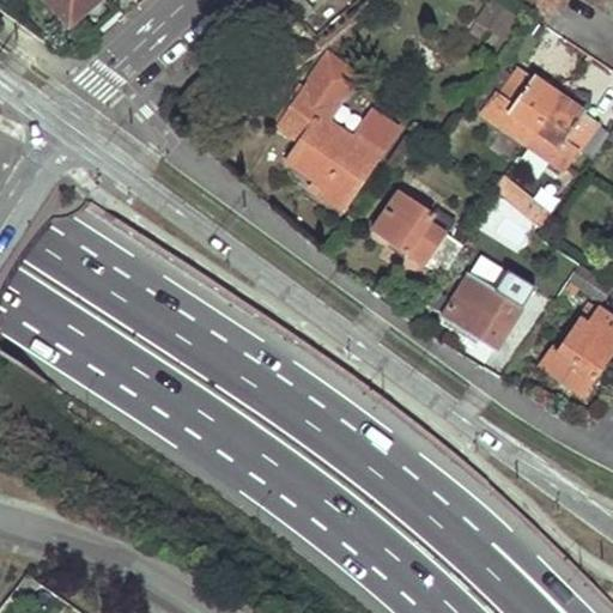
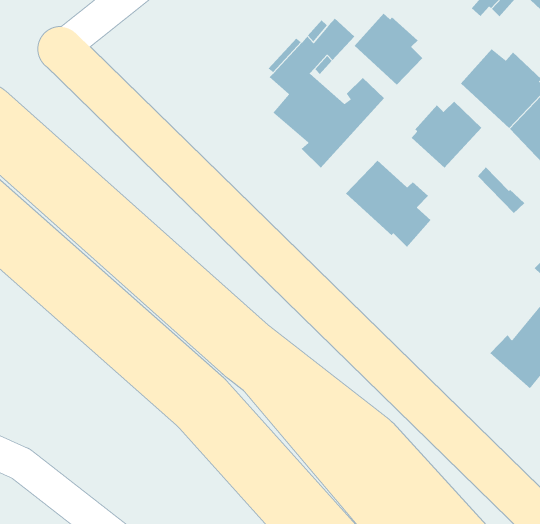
building: none -> [354,13,423,86]
building: none -> [411,101,482,168]
building: [441,267,535,348] -> none

